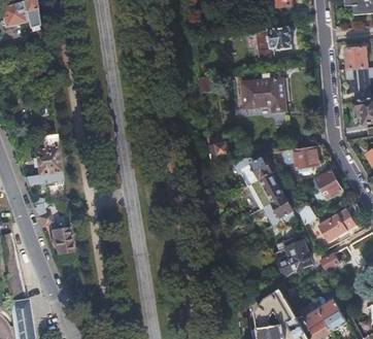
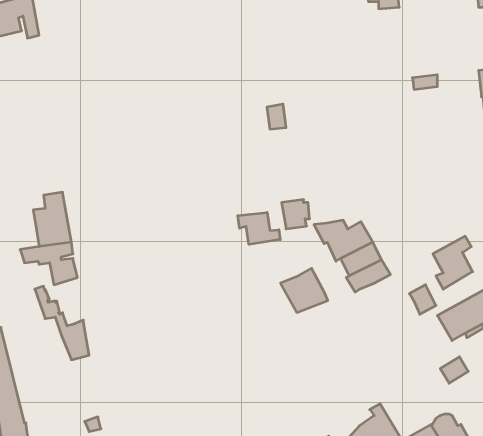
building: [253,27,291,60] -> none
building: [240,78,284,113] -> none
building: [293,145,318,168] -> none
building: none -> [238,212,280,244]
building: [262,194,295,225] -> [281,268,328,312]
building: [274,236,310,276] -> none

